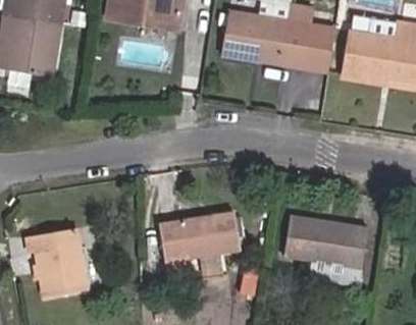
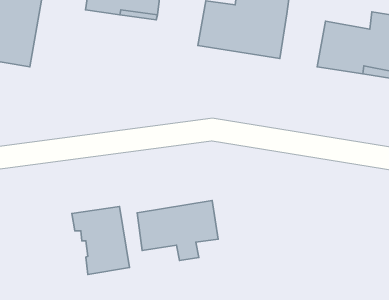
building: [303,23,334,72] -> none
building: [282,215,369,284] -> none
building: [28,228,86,296] -> [72,206,129,274]

